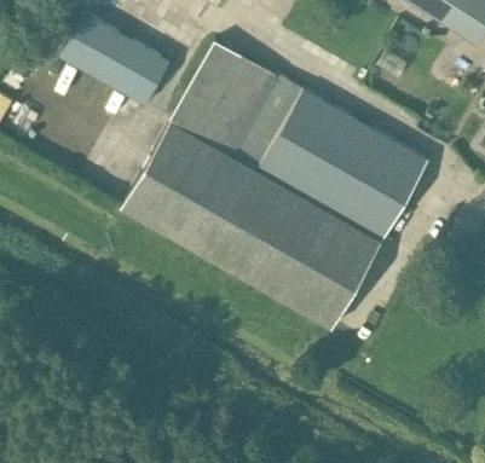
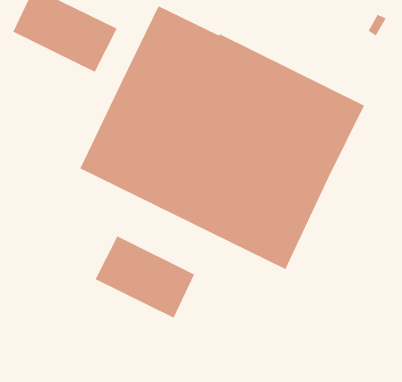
building: none -> [95,236,195,318]

